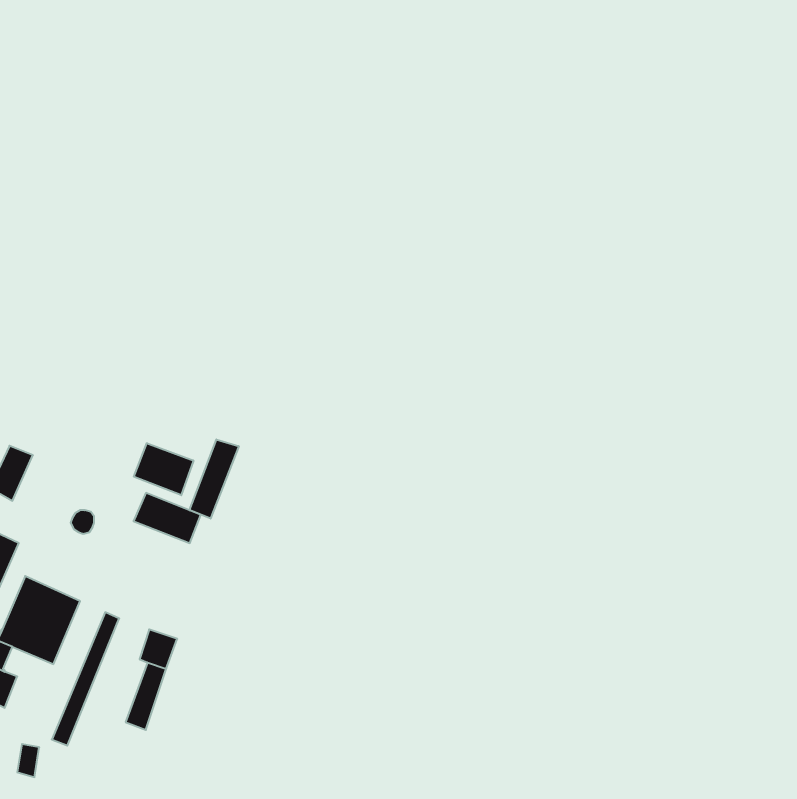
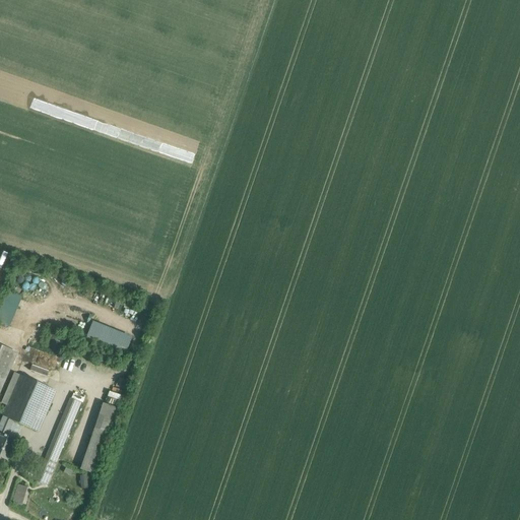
building: [189,439,239,519] -> none
building: [134,443,193,495] -> none

